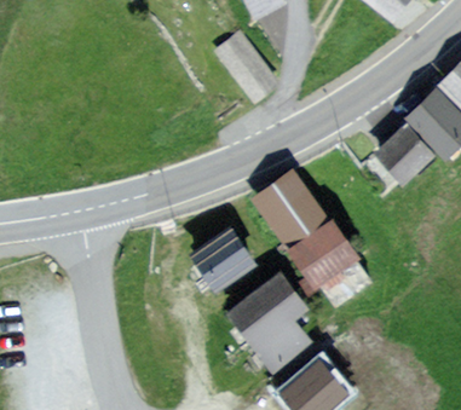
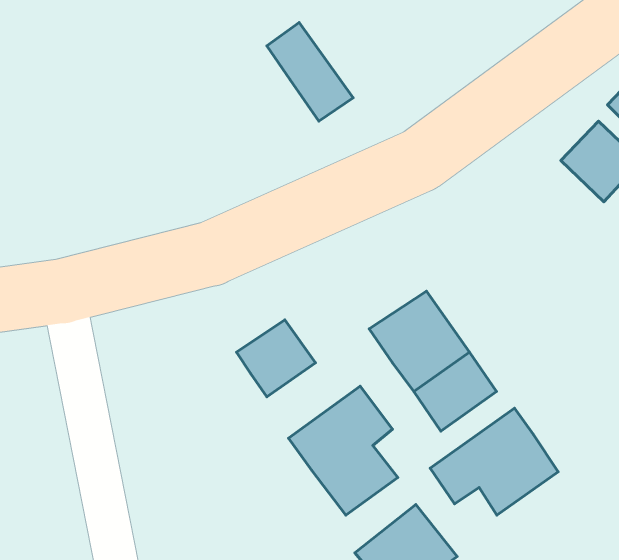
building: [373,126,436,189] -> none
building: [255,168,324,238] -> none
building: none -> [430,408,558,515]

